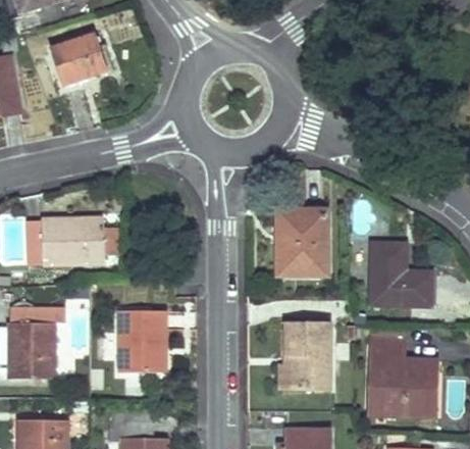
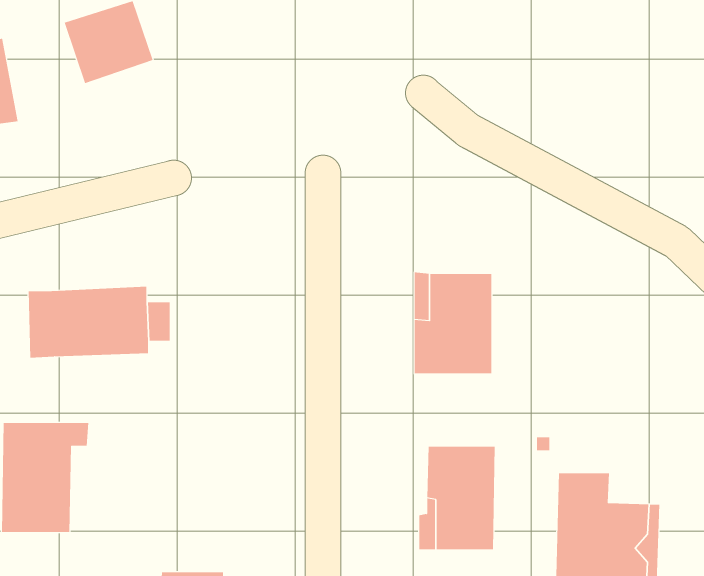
building: [371,244,431,306] -> none
building: [120,310,165,372] -> none

